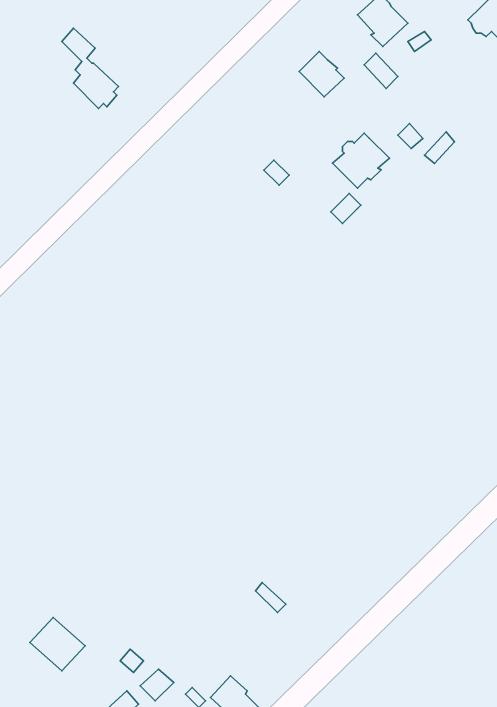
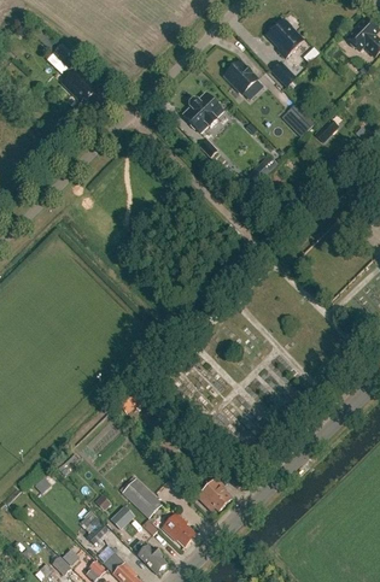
building: [333,133,389,188] -> [182,93,223,133]
building: none -> [122,477,163,517]
building: none -> [194,478,230,511]

